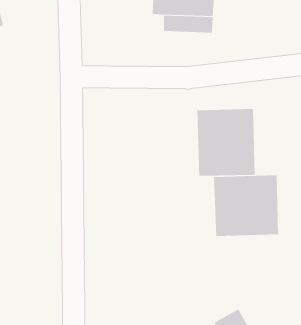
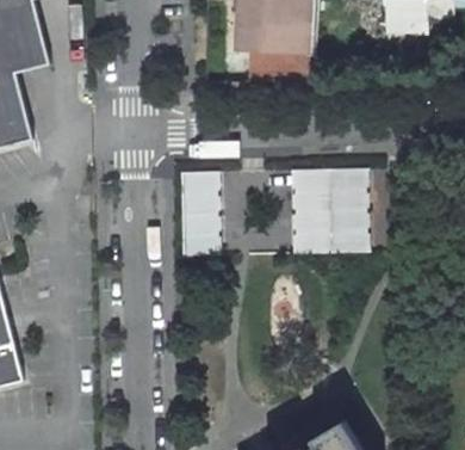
building: none -> [178,173,216,258]
building: [213,175,278,237] -> none

